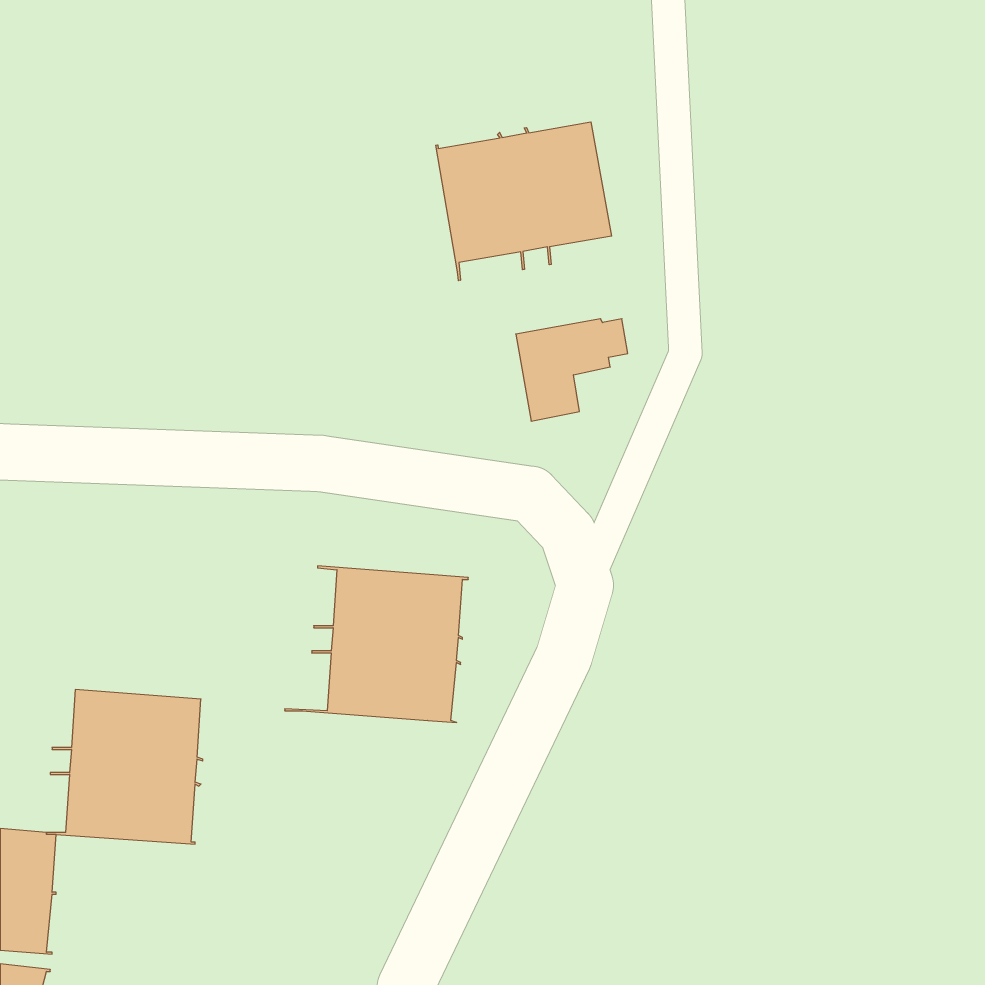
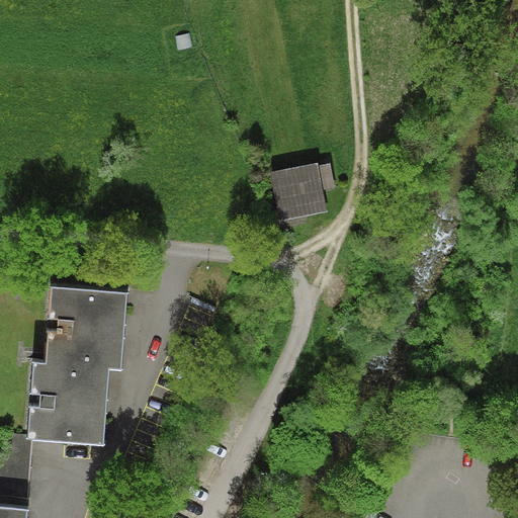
building: [436,122,612,281] -> none
building: [285,566,468,722] -> [31,286,127,368]

